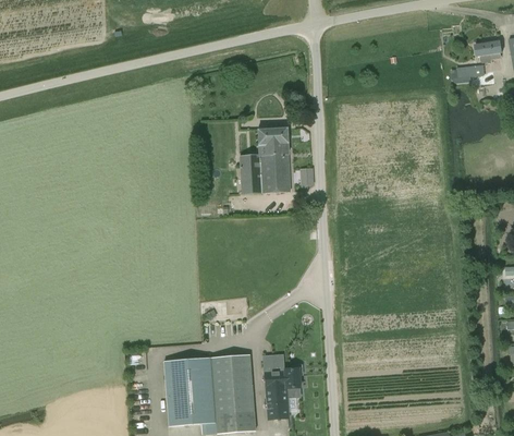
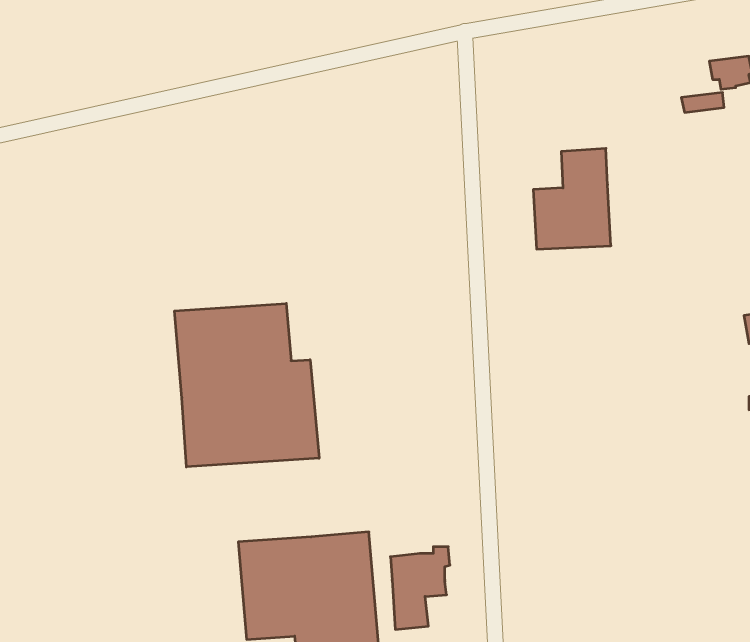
building: [238,128,290,194] -> [533,148,611,249]
building: none -> [175,303,319,467]

